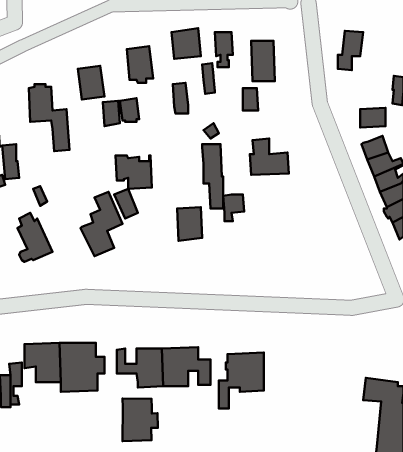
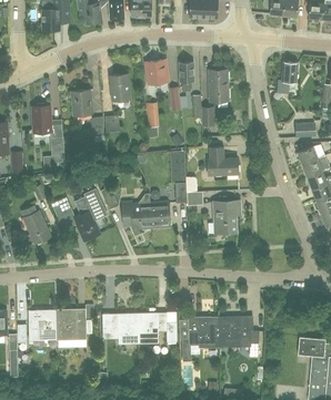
building: [116,155,152,189] -> [122,202,151,228]
building: none -> [213,199,240,233]
building: none -> [219,316,259,357]
building: [122,399,158,441] -> none

